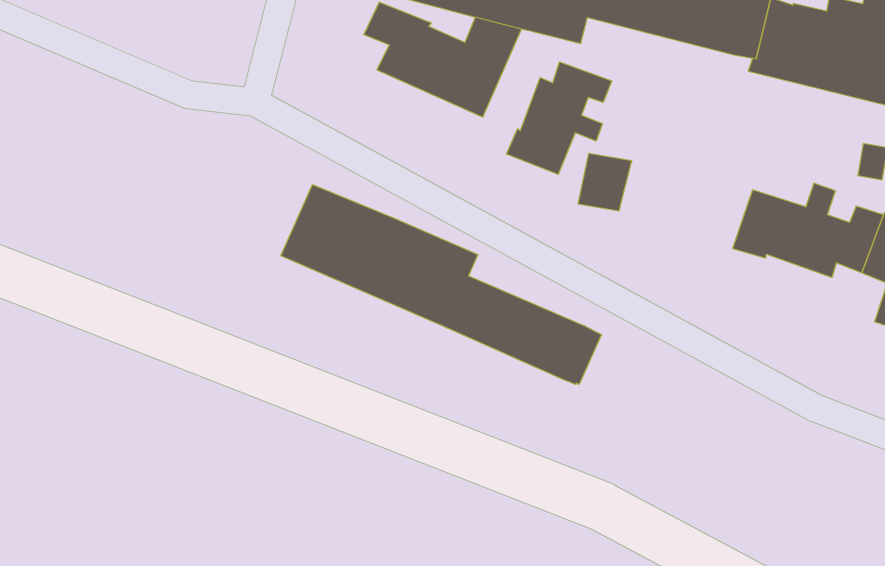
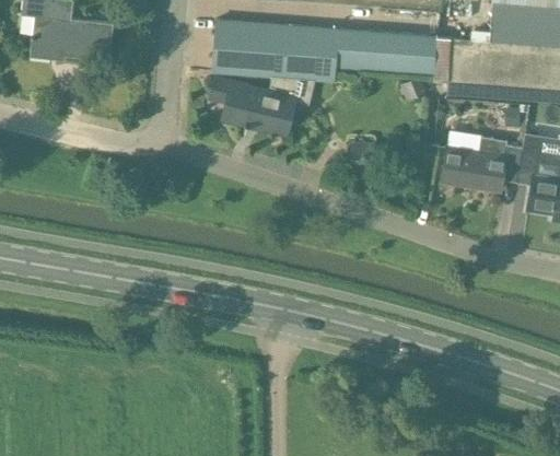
building: [506,62,612,175] -> none
building: [281,185,602,384] -> none

